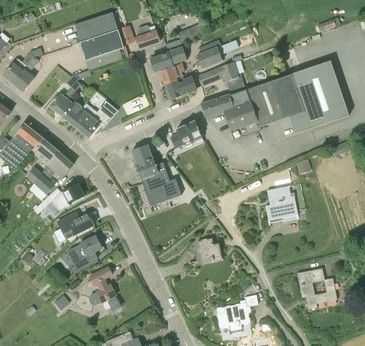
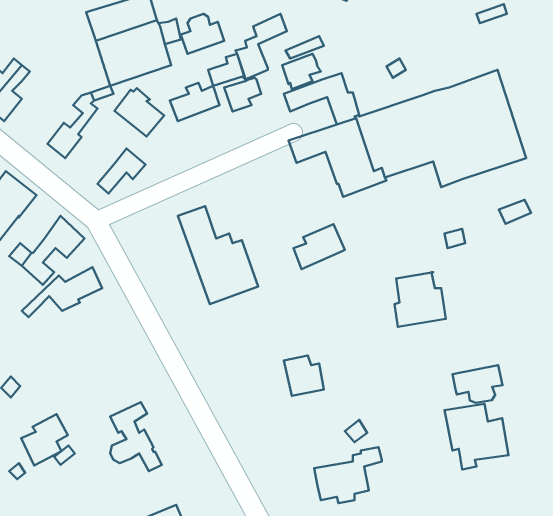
building: [165,75,196,99] -> [170,83,219,121]
building: [61,101,92,131] -> [114,88,164,136]
building: [170,121,202,149] -> [293,224,345,269]
building: [32,138,58,165] -> none
building: [58,212,94,239] -> none
building: [73,235,102,267] -> [21,414,68,466]
building: none -> [452,365,502,403]

